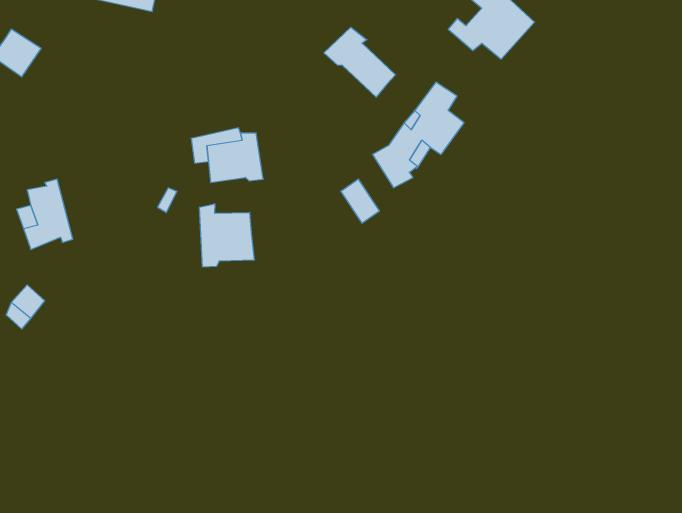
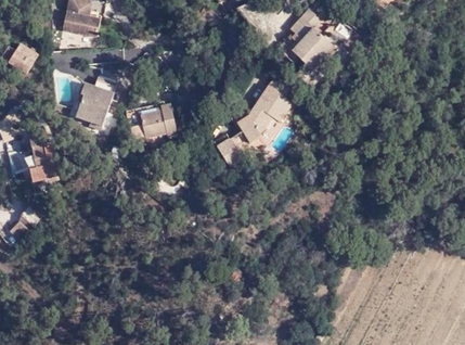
building: [324,27,396,97] -> none
building: none -> [67,75,109,124]
building: [199,204,254,267] -> none

